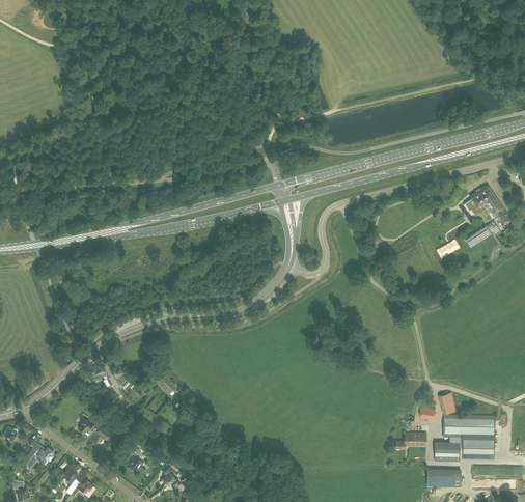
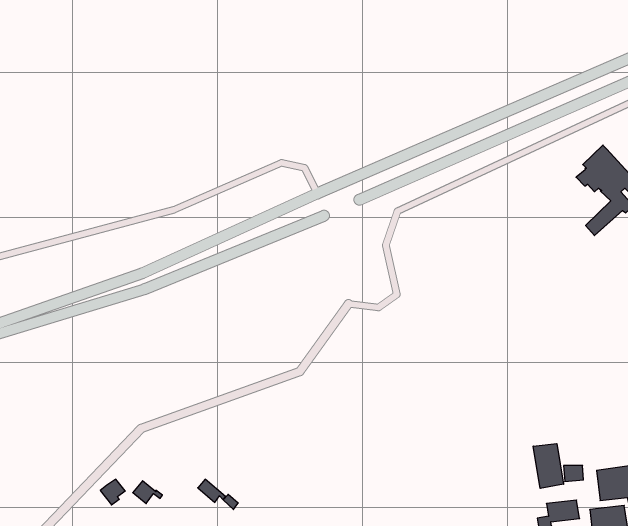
building: none -> [533,444,564,488]

